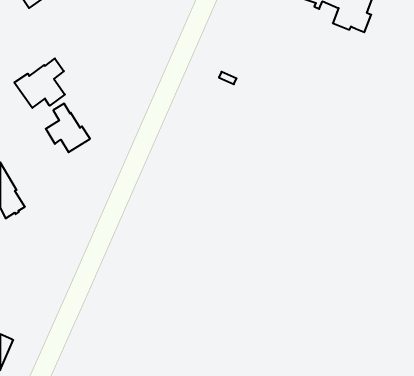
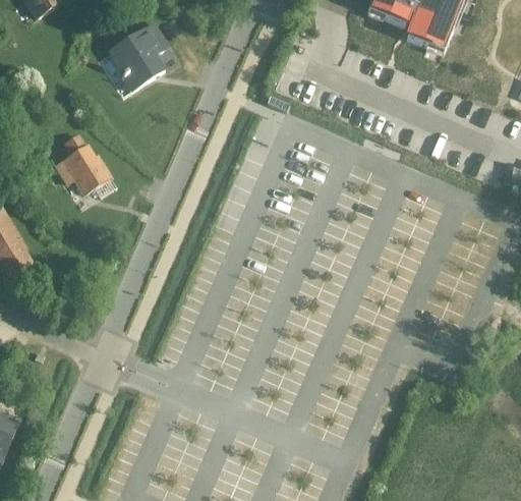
building: none -> [113,26,163,91]
building: [14,58,65,108] -> none

